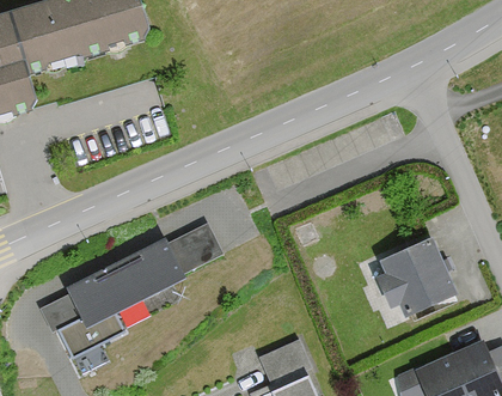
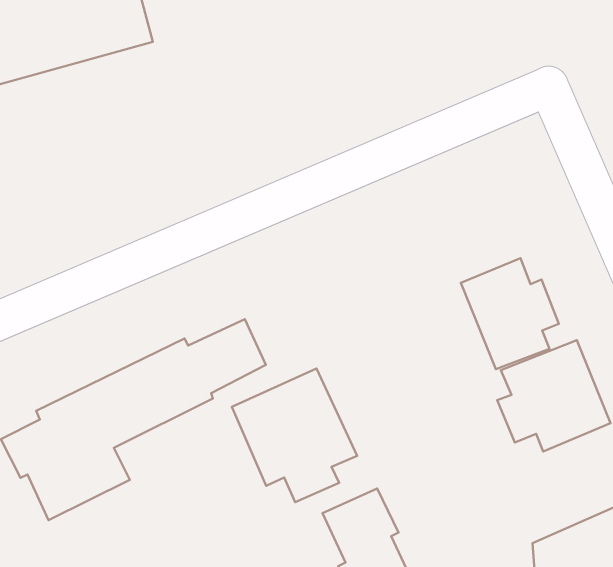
building: none -> [461,258,559,369]
building: none -> [232,368,357,502]

